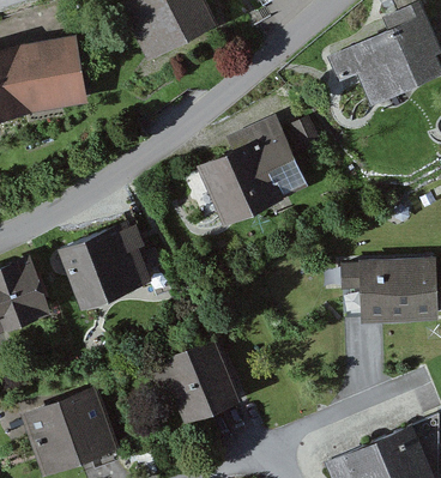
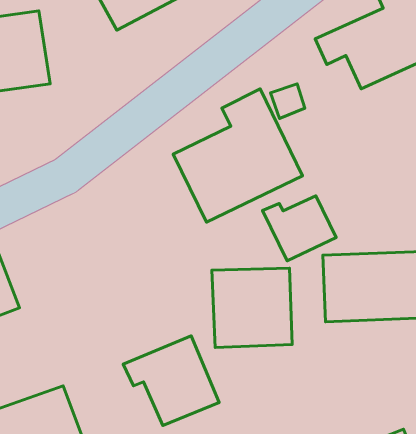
building: none -> [263,196,336,261]
building: [56,219,155,310] -> none
building: none -> [212,268,292,348]

